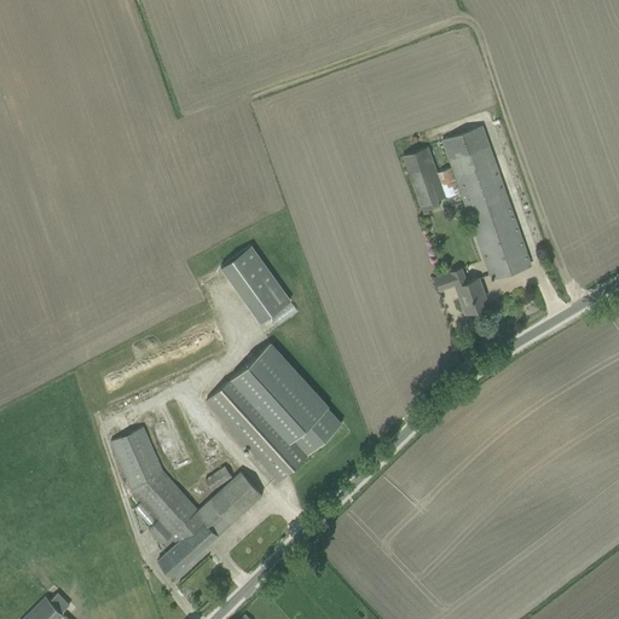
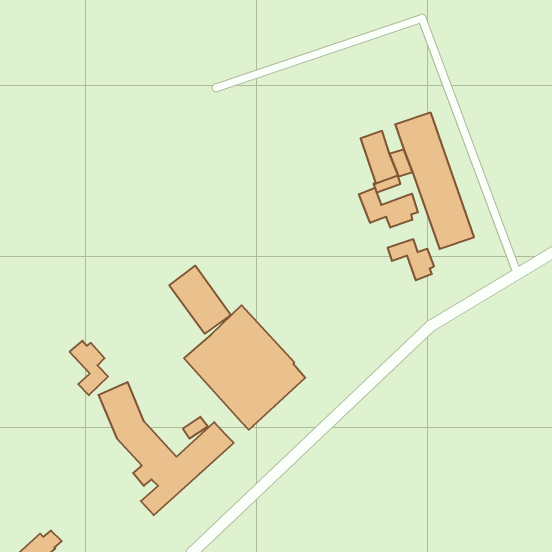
building: none -> [359,188,418,228]
building: [221,247,290,323] -> [169,266,231,334]
building: none -> [70,341,108,395]

